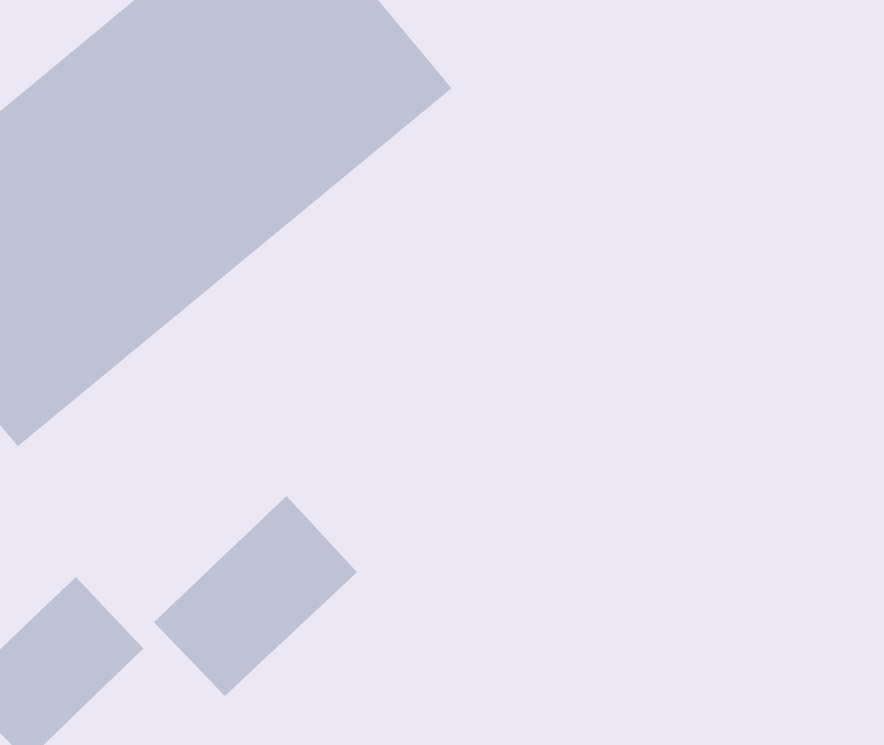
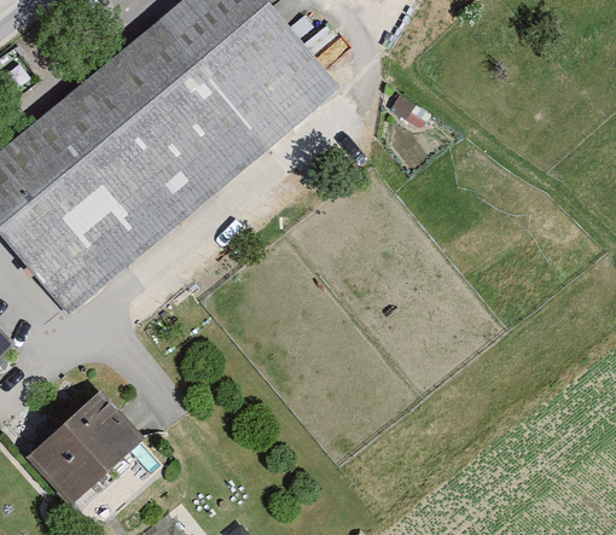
building: [153,495,358,697] -> none

